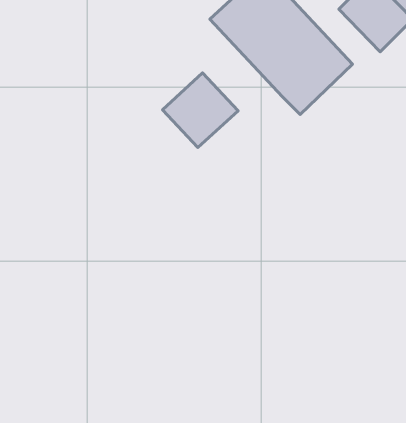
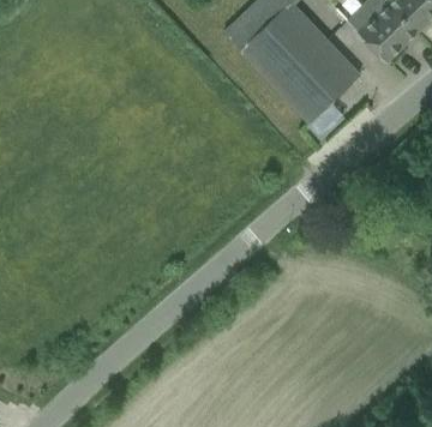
building: [162,73,238,148] -> none

